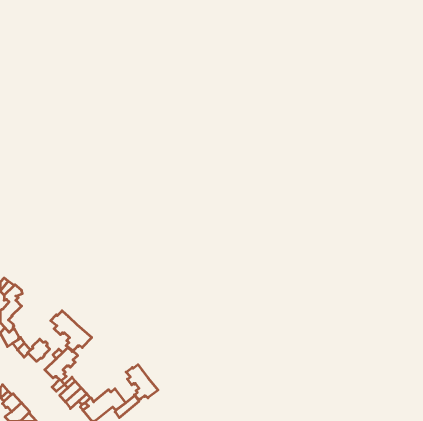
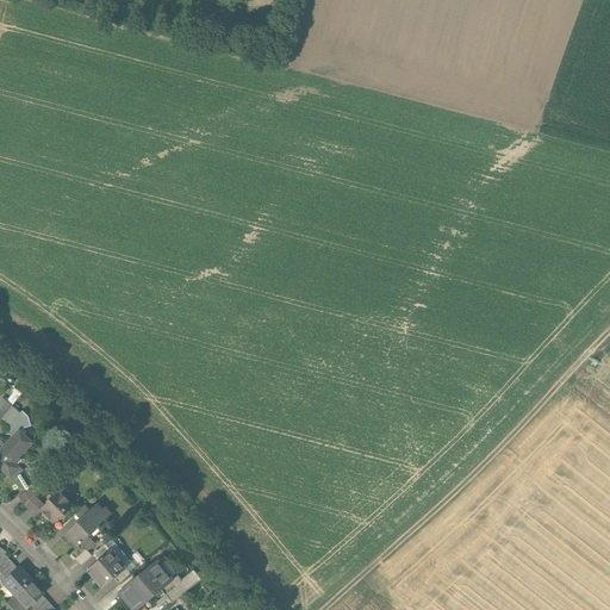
building: [51,311,92,351] -> none
building: [126,365,158,400] -> none

